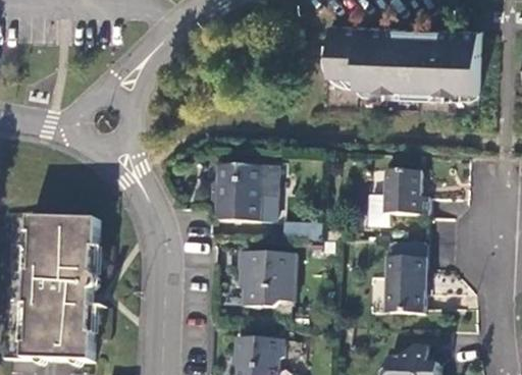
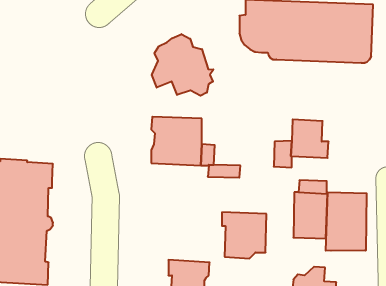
building: none -> [152,34,213,96]
building: [240,251,293,306] -> [222,212,266,258]
building: none -> [326,192,367,251]

